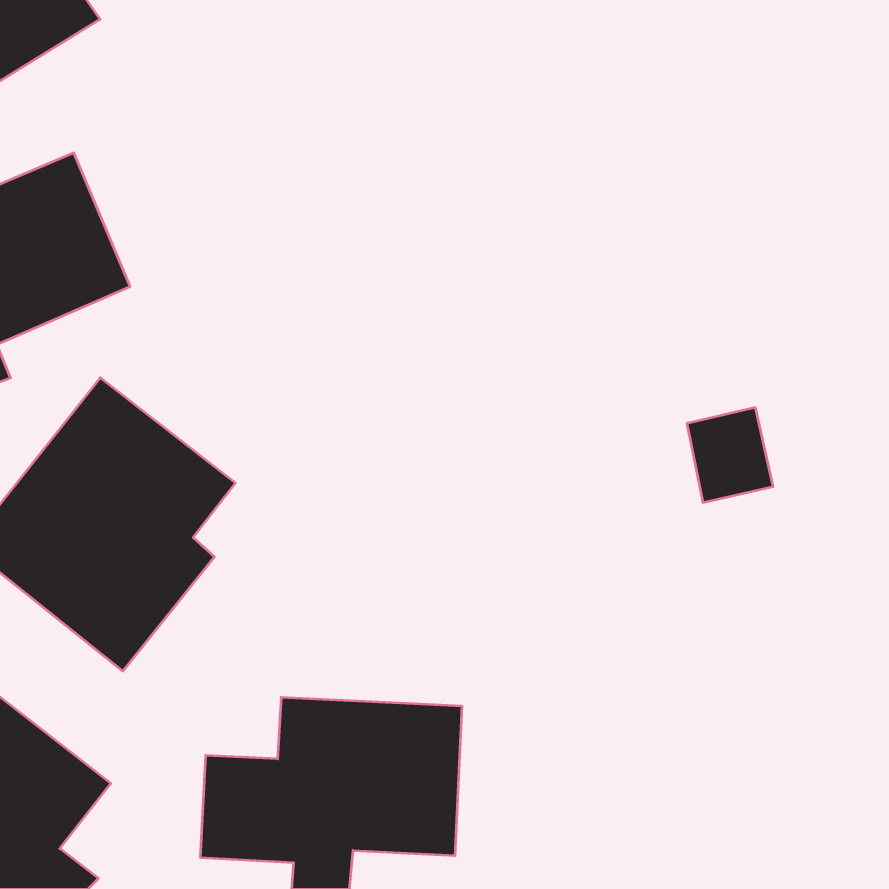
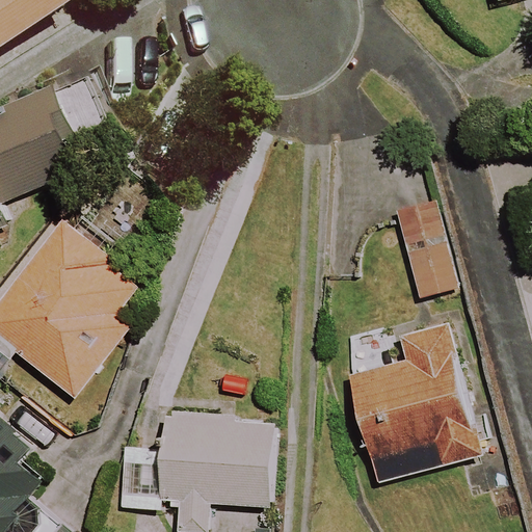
building: none -> [347,320,481,482]

